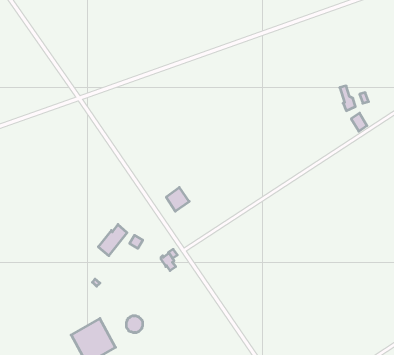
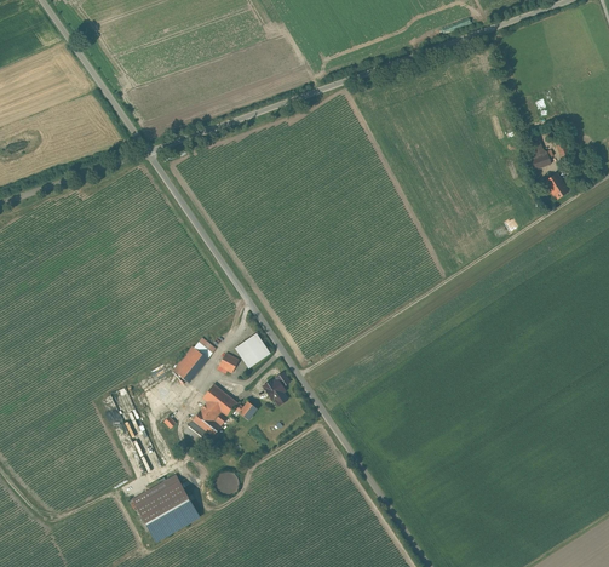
building: [166,187,189,211] -> [235,333,269,368]
building: none -> [182,384,257,445]

